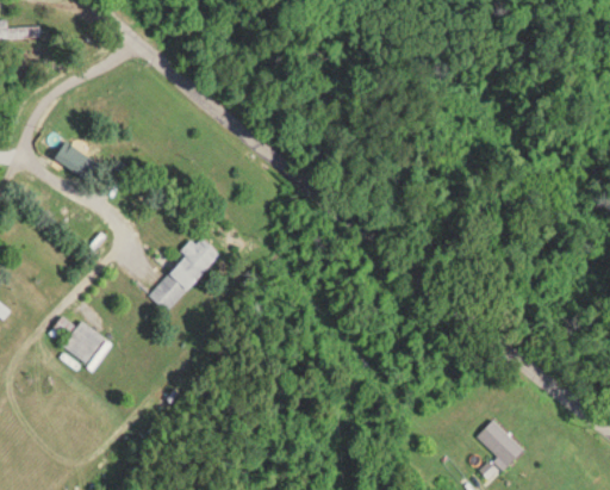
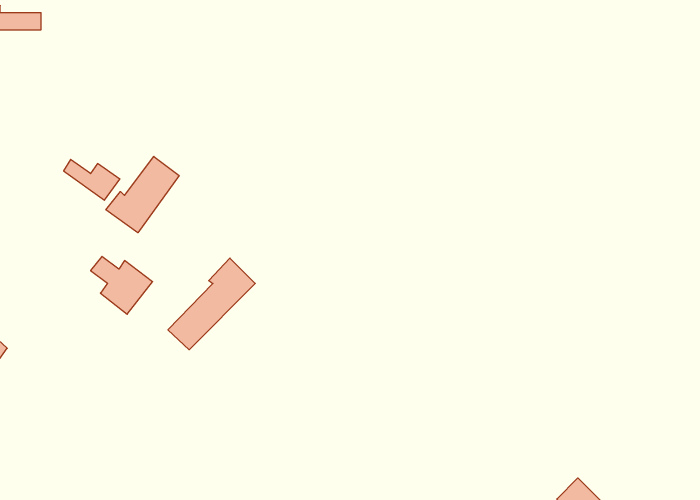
building: none -> [106,156,179,233]
building: [54,316,106,365] -> [91,256,153,314]

